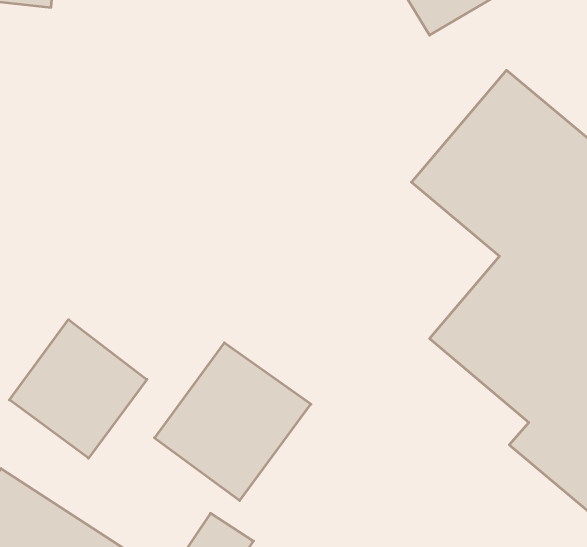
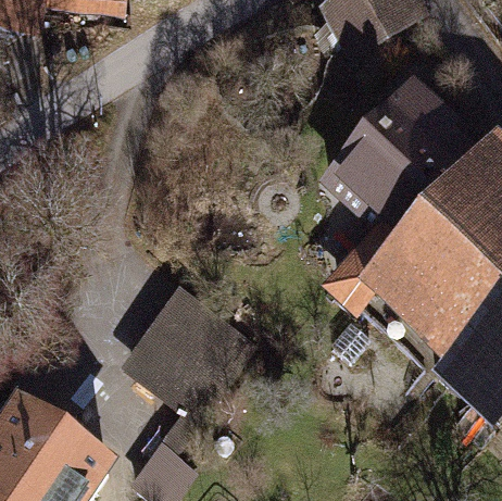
building: [9,320,147,458] -> none

